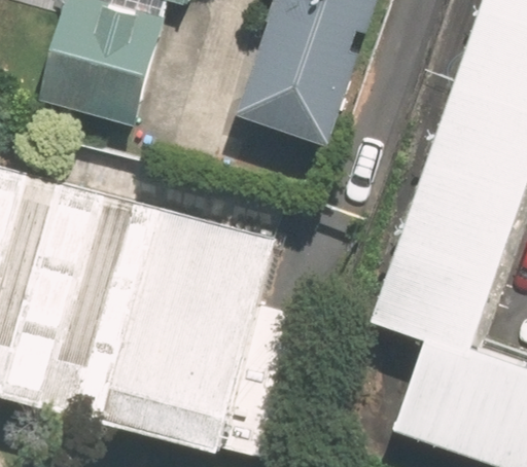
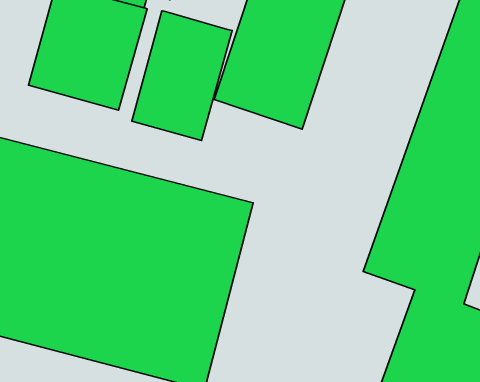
building: none -> [132,11,232,140]

